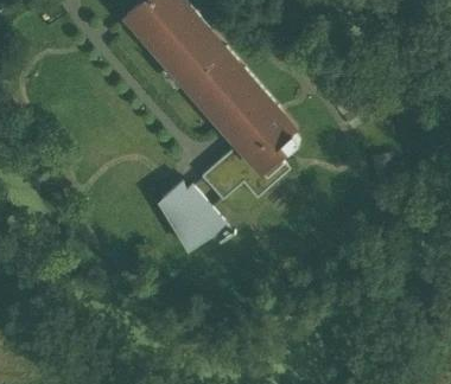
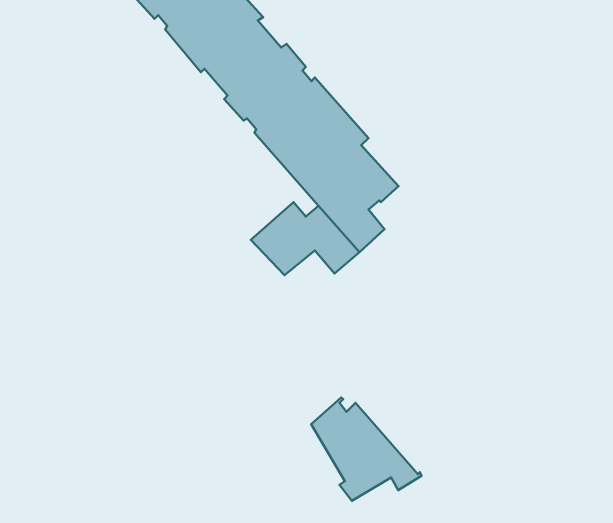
building: [159,180,233,249] -> [311,397,421,501]

